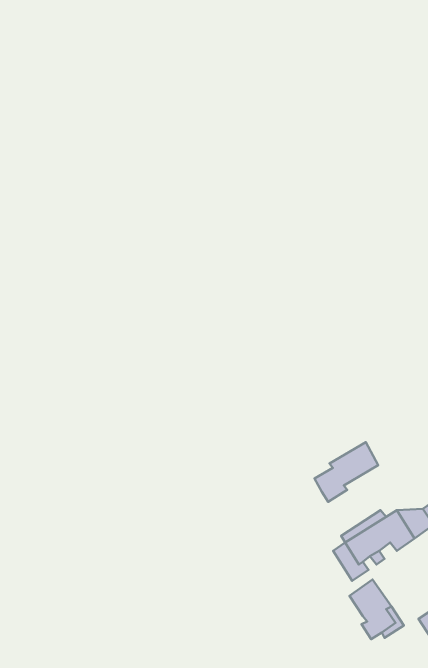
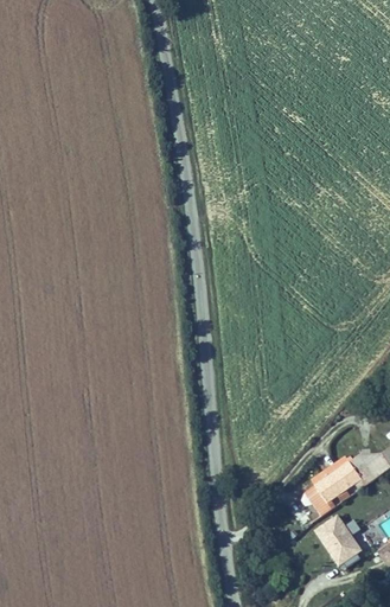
building: [315,442,378,502] -> none

